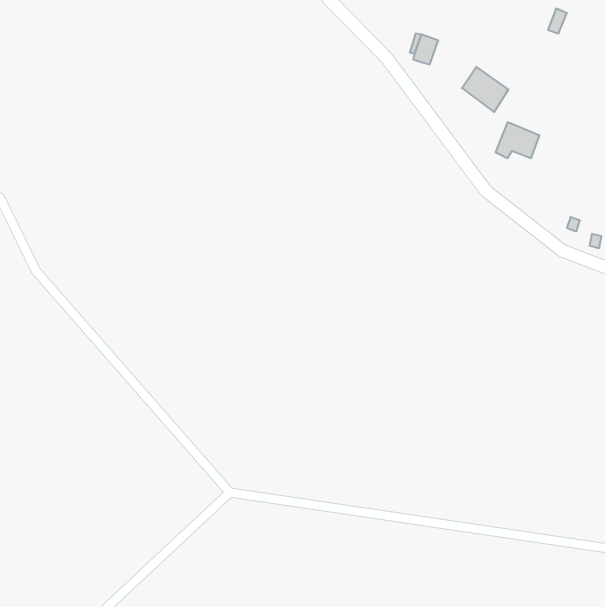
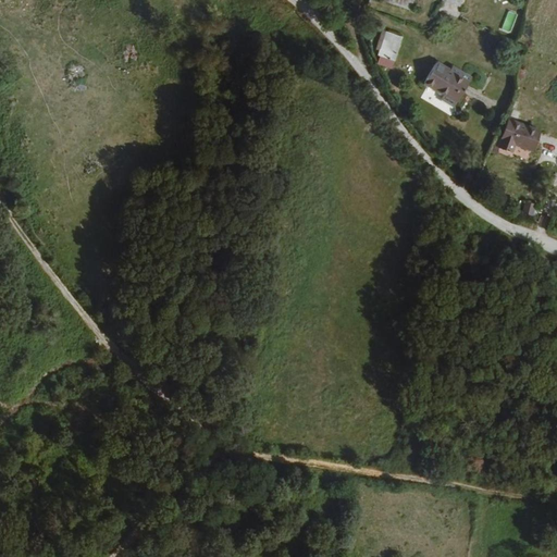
building: [495,122,540,158] -> [495,120,535,152]

